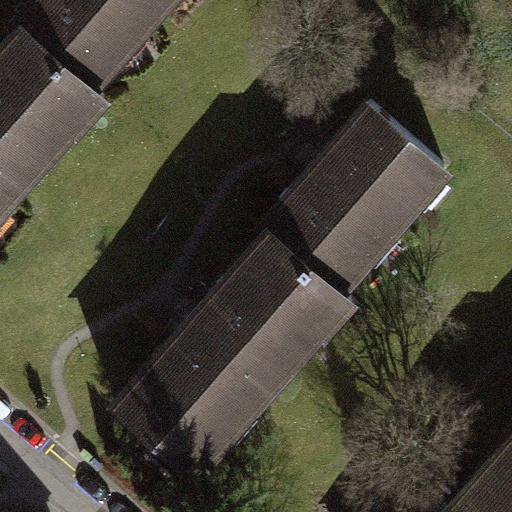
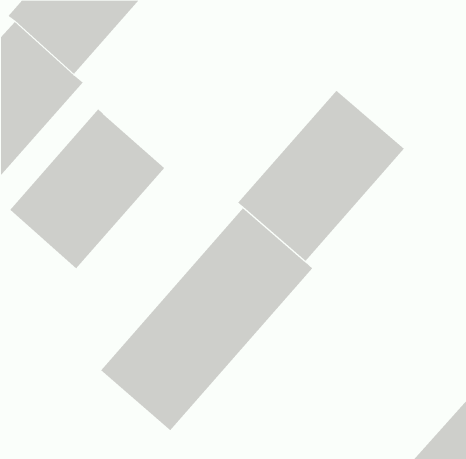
building: none -> [9,109,165,269]

